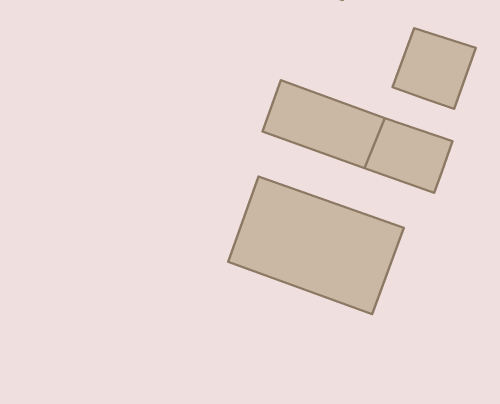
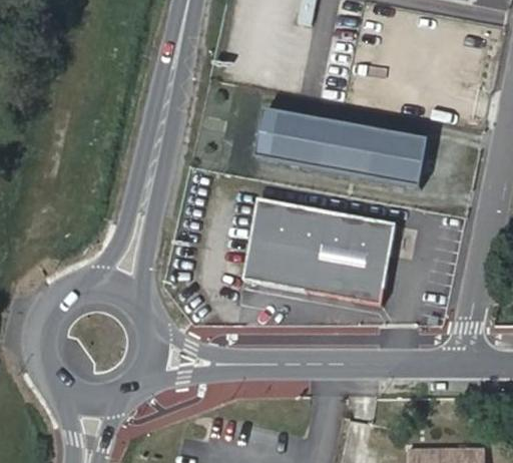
building: [392,28,476,109] -> none

